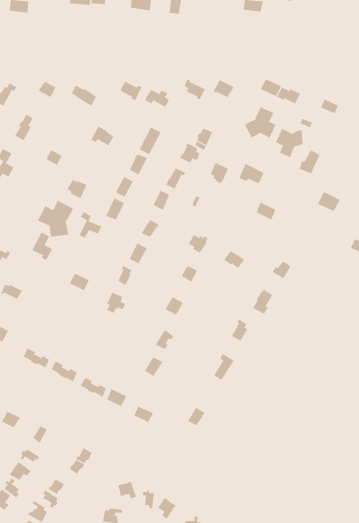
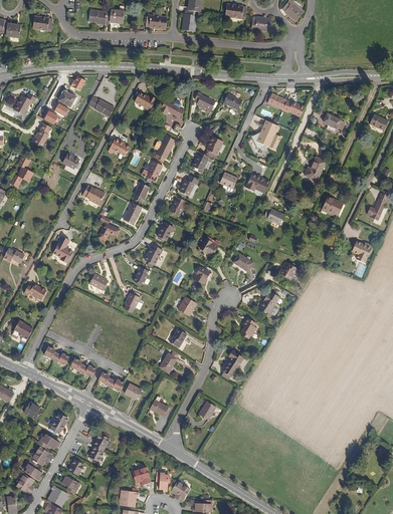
building: [275,128,303,158] -> none
building: [37,200,74,238] -> none

